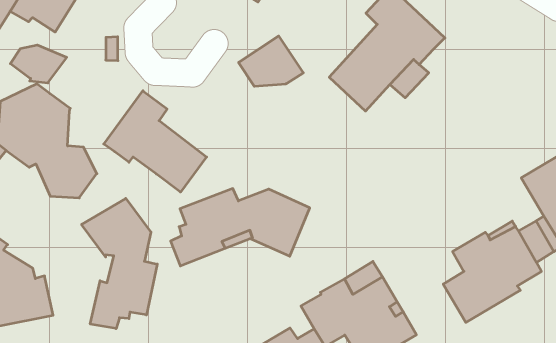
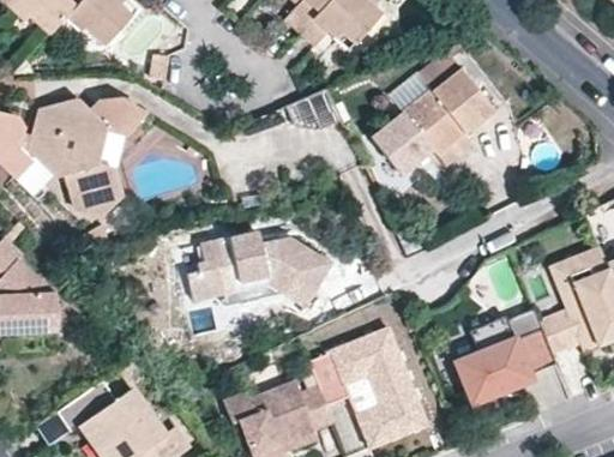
building: [10,45,67,83] -> [90,95,148,134]
building: [104,91,207,192] -> none
building: [82,198,157,329] -> none

